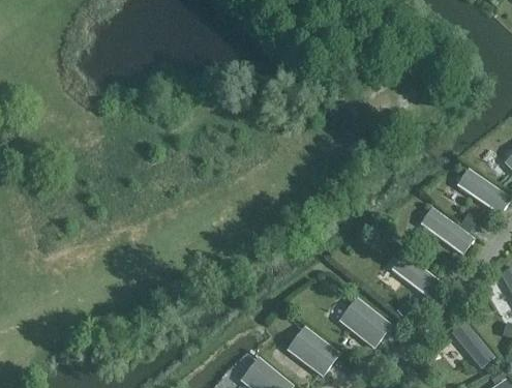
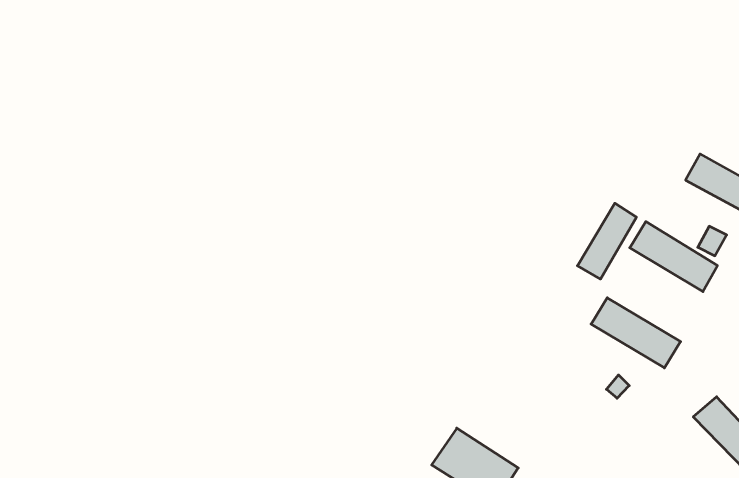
building: none -> [577,203,636,279]
building: [340,299,391,348] -> none

